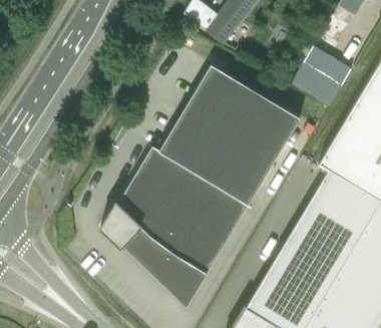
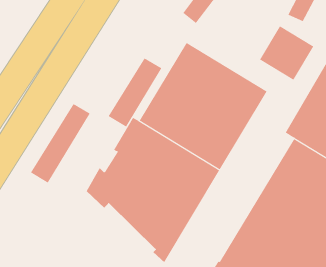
building: none -> [108,58,162,128]
building: none -> [30,103,91,184]

